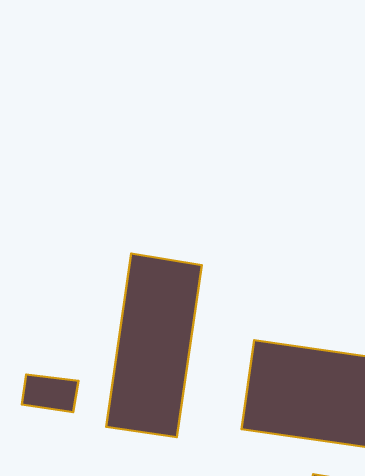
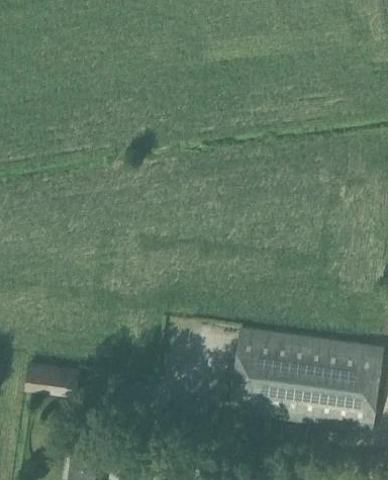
building: [106,254,202,437] -> none

